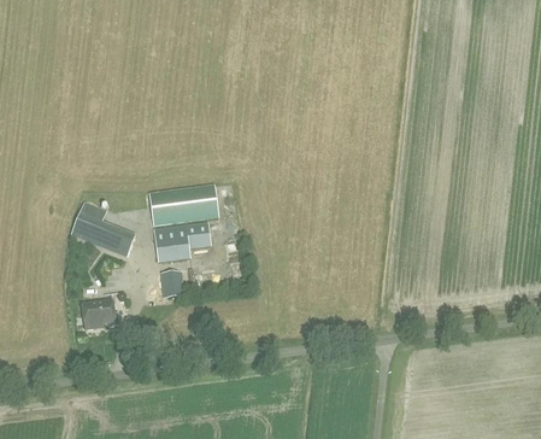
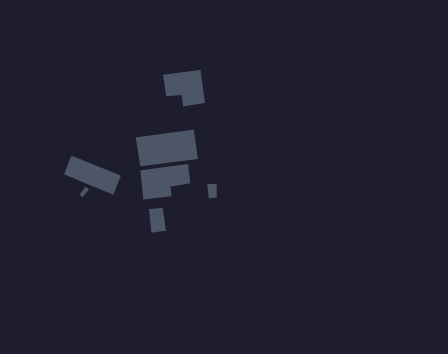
building: none -> [163,69,206,107]
building: [81,299,118,327] -> none

